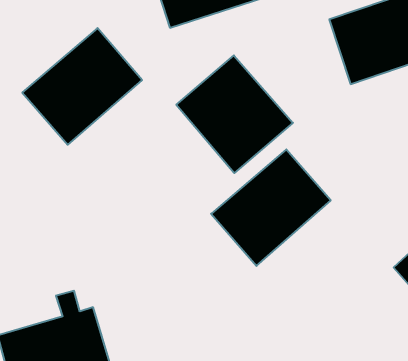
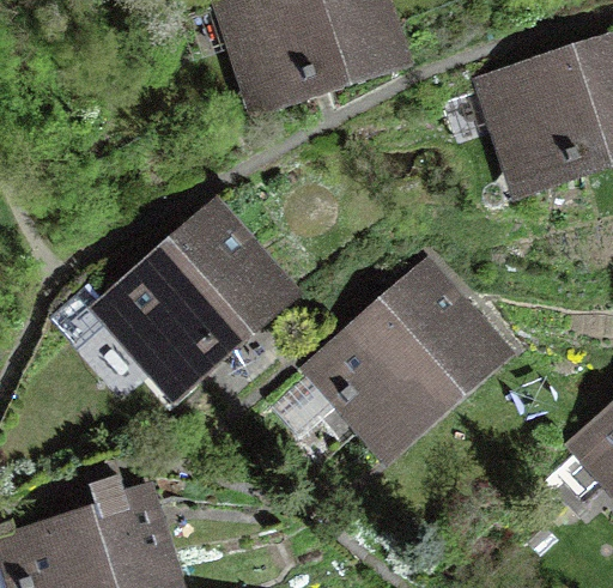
building: [22,28,142,145] -> [107,213,280,382]
building: [176,55,293,173] -> none

